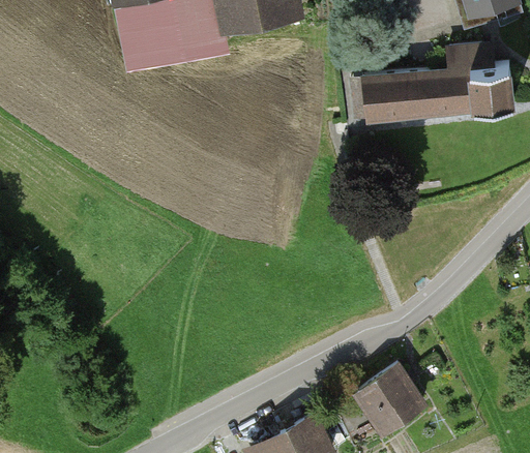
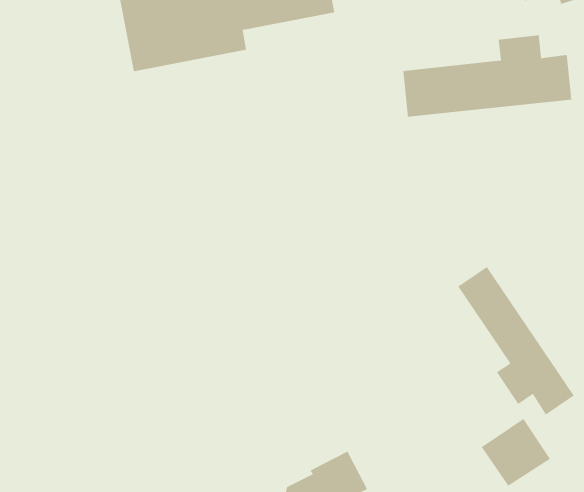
building: none -> [458,266,574,415]
building: [360,362,422,423] -> [481,418,551,487]

